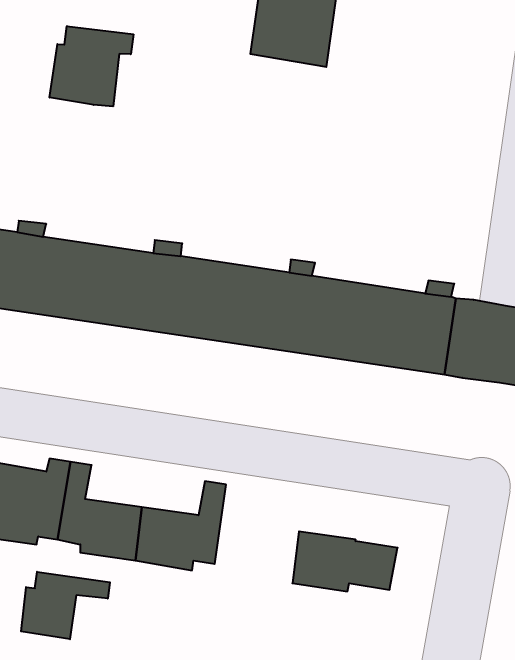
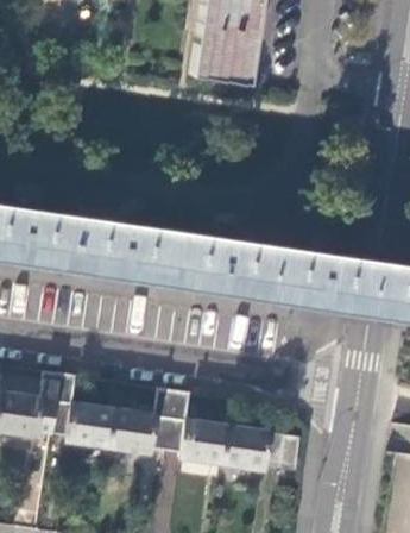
building: [50,26,133,106] -> none
building: none -> [170,393,232,465]
building: [21,572,110,639] -> none

